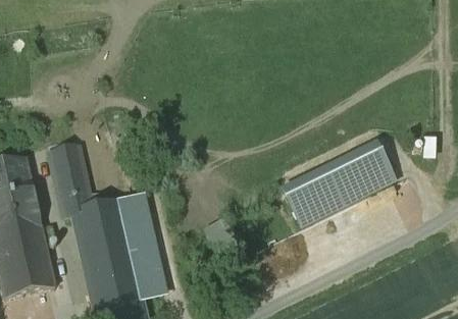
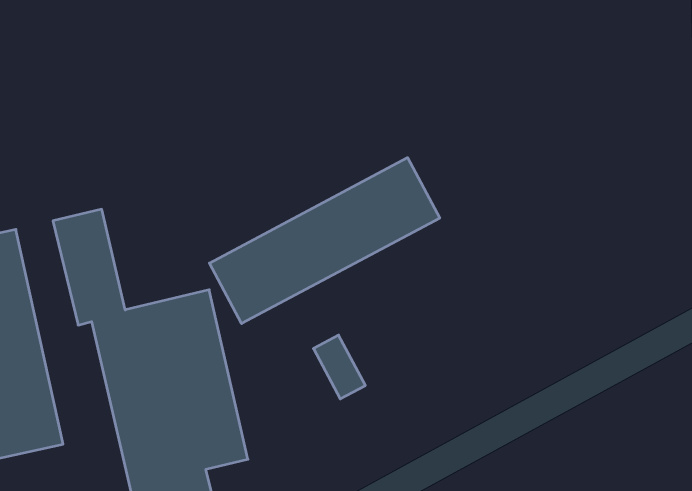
building: none -> [209,158,440,324]
building: [285,143,397,225] -> none

